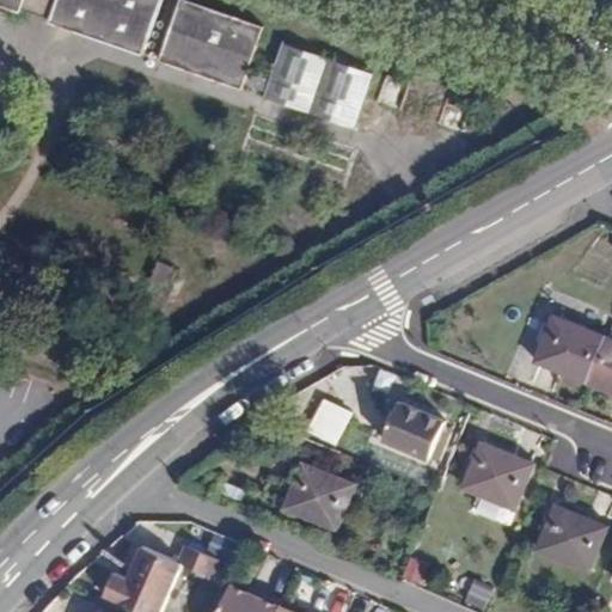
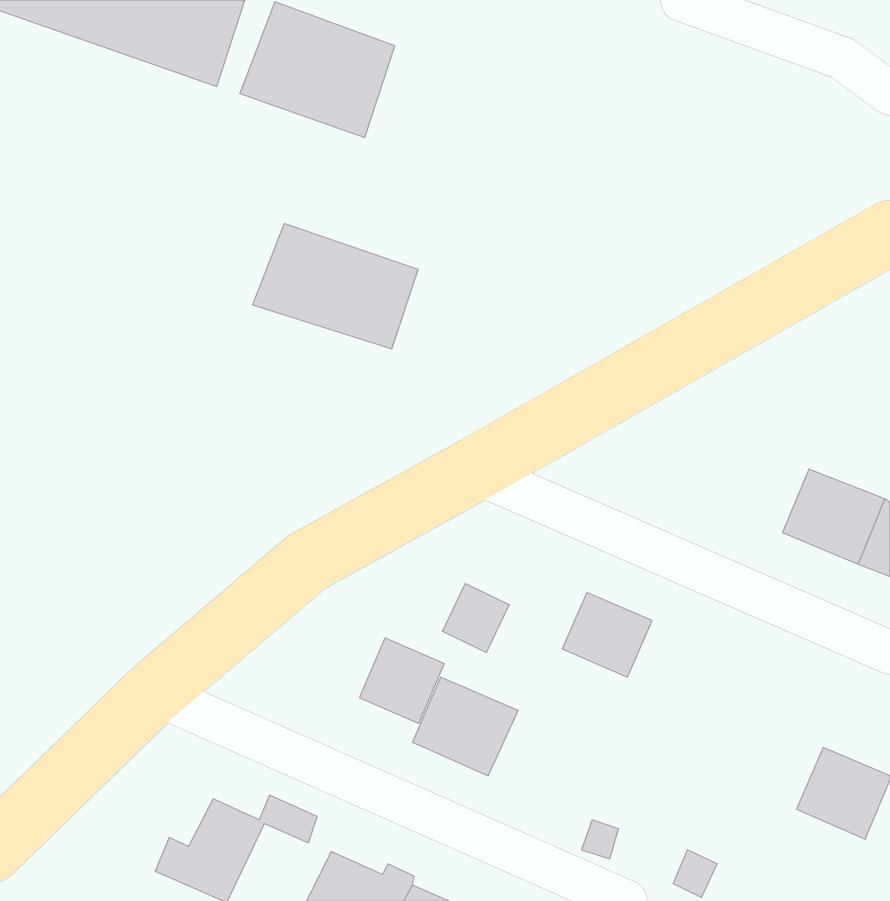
building: [256,42,368,127] -> [252,224,418,349]
building: none -> [359,638,444,723]
building: [461,441,532,506] -> none

